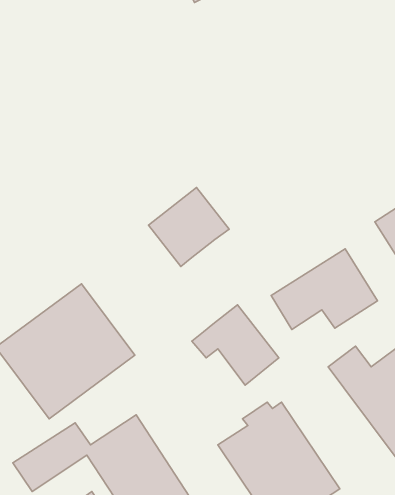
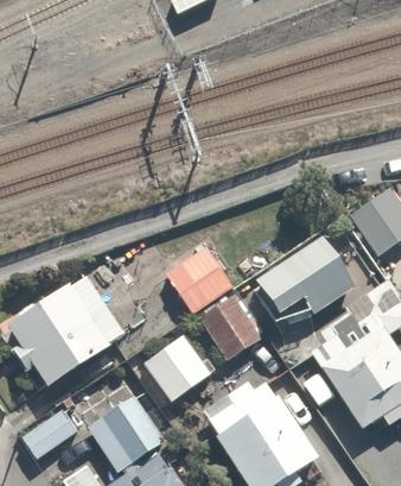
building: [149,188,229,267] -> [163,242,236,315]
building: none -> [145,335,212,402]

